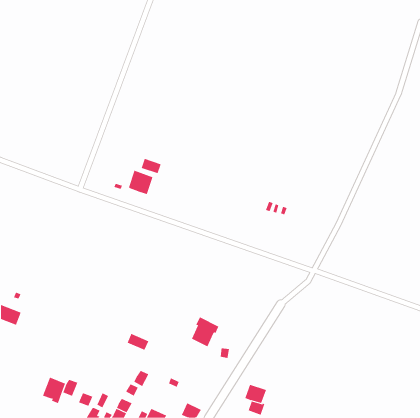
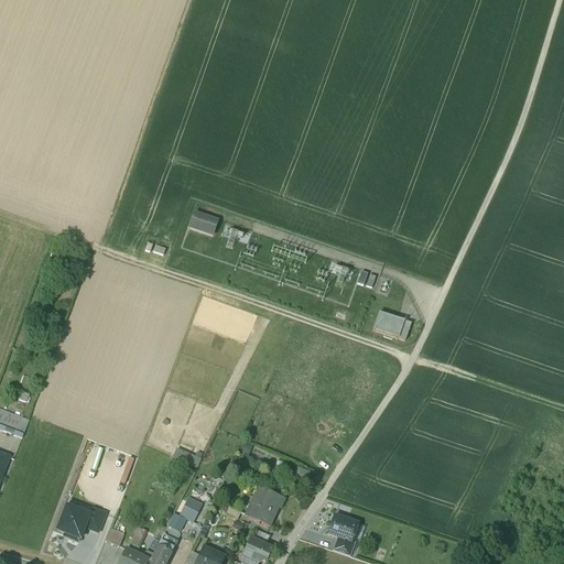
building: [128,170,153,195] -> none
building: none -> [372,311,410,338]
building: [191,317,219,347] -> [247,485,284,525]

